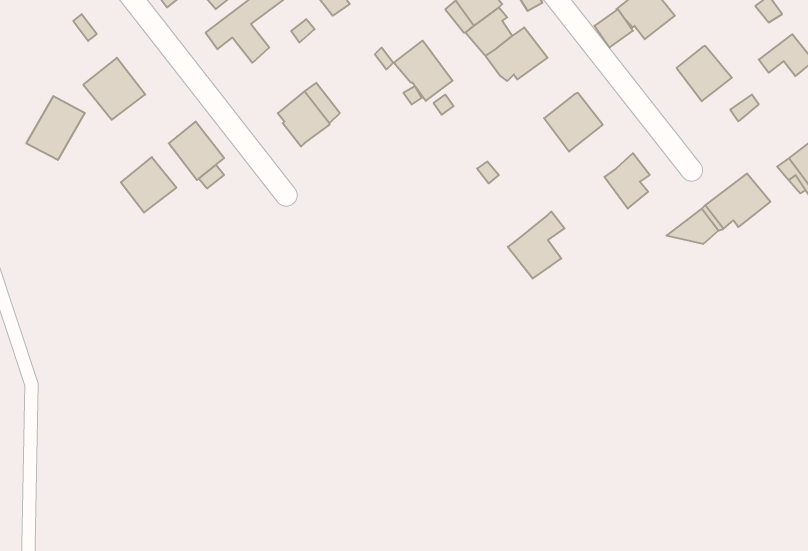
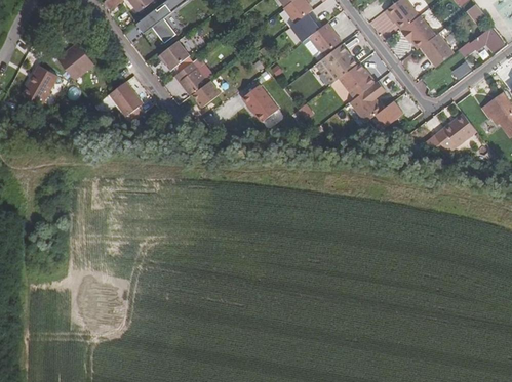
building: none -> [400,14,435,49]
building: [394,41,453,101] -> [242,84,278,121]
building: none -> [158,40,189,69]
building: none -> [320,43,357,84]
building: none -> [192,80,221,107]
building: [121,157,176,213] -> none
building: [508,212,565,279] -> [350,80,385,121]

